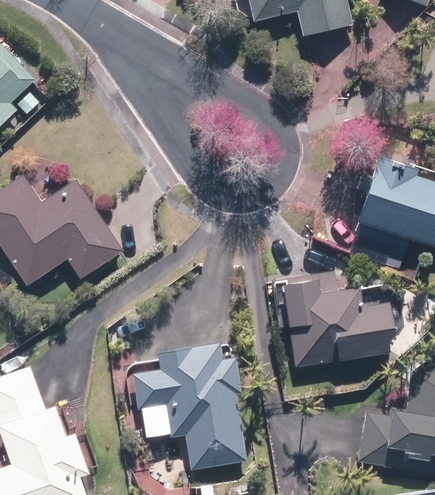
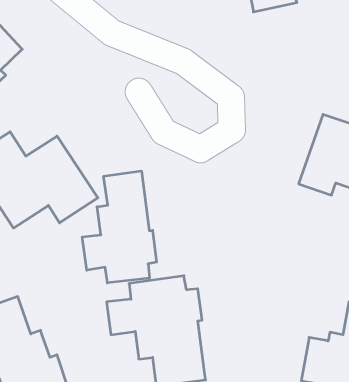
building: none -> [82,171,157,283]
building: [280,271,396,368] -> none

